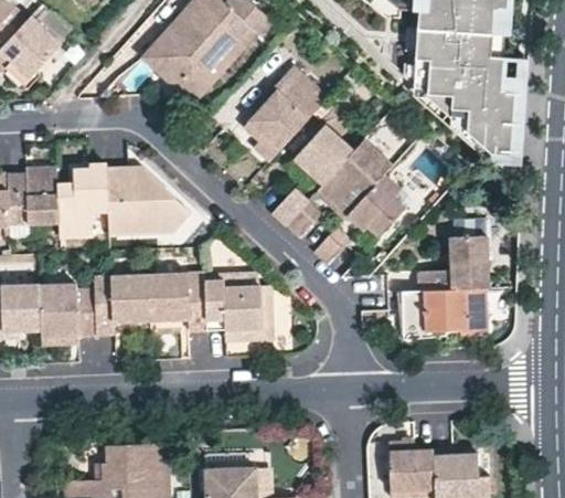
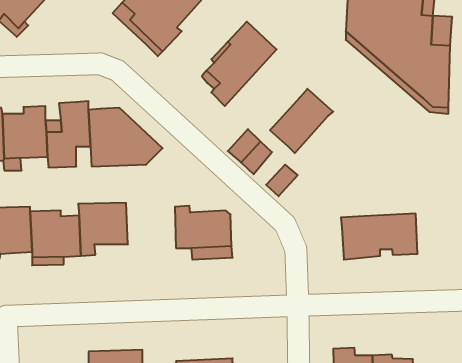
building: [290,127,351,188] -> none
building: [345,176,405,237] -> none
building: [417,234,488,290] -> none
building: [151,273,209,328] -> none

